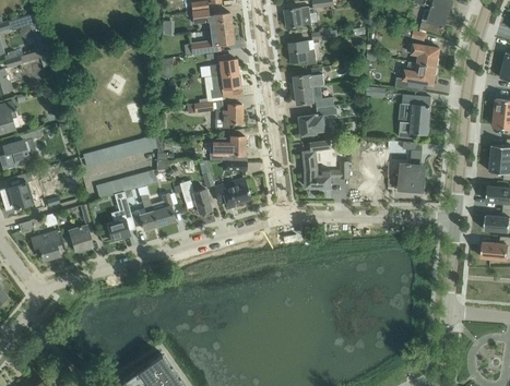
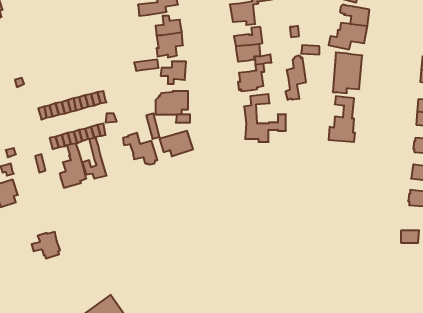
building: none -> [286,55,306,100]
building: [150,194,175,227] -> none
building: [61,226,92,254] -> [32,232,60,258]

